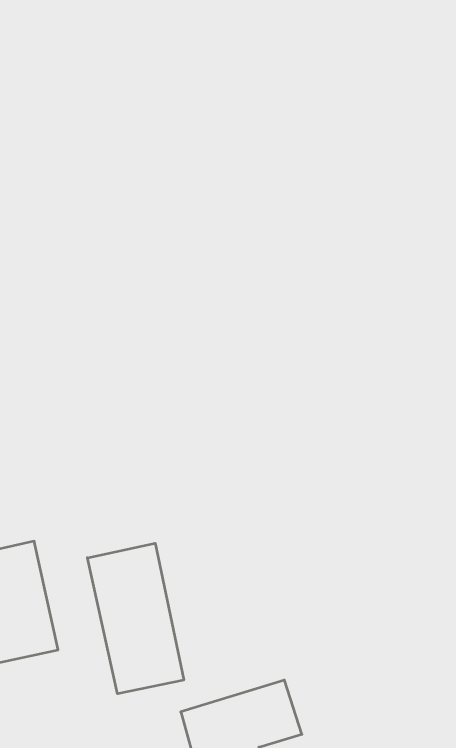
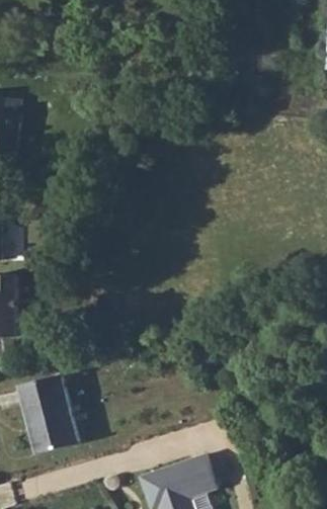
building: [87,543,184,694] -> none

